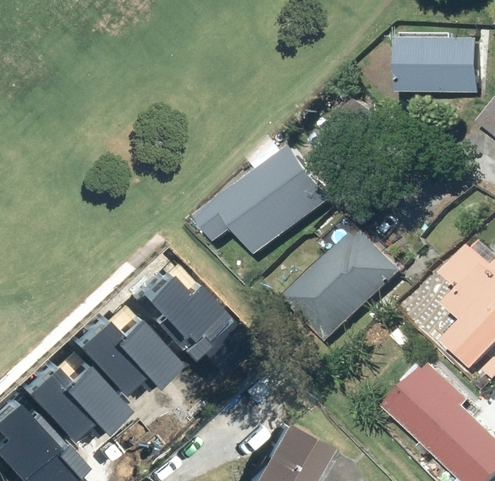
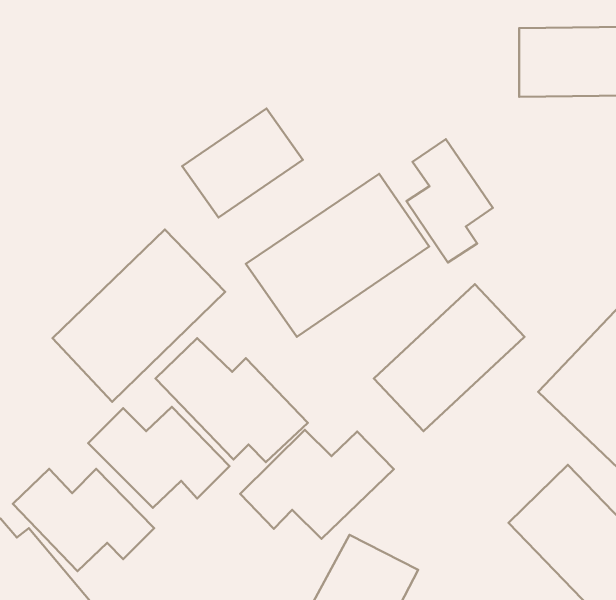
building: none -> [182,108,303,217]
building: none -> [407,139,493,263]
building: none -> [53,229,225,402]
building: none -> [240,430,394,539]

